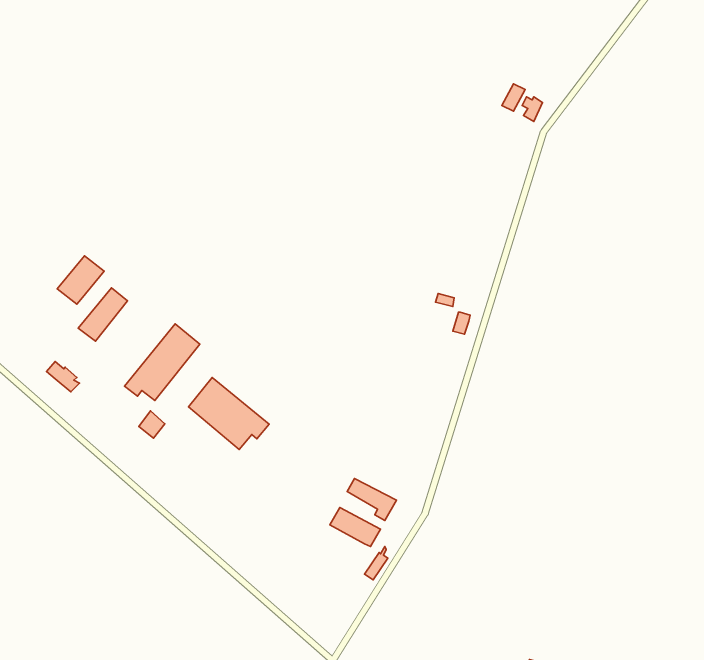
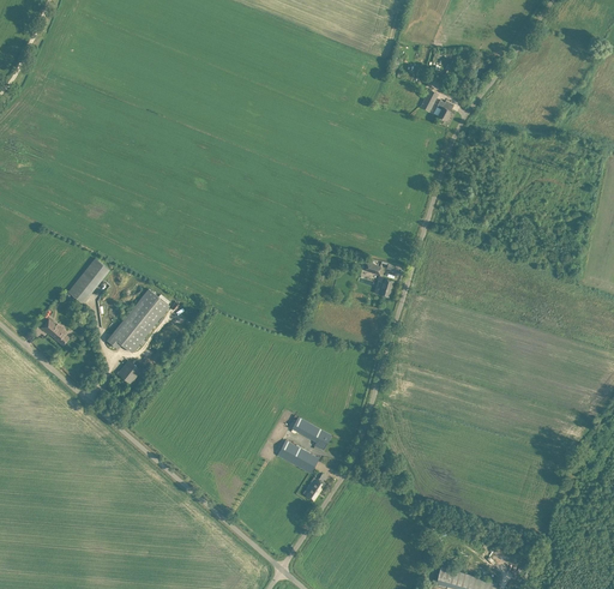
building: [57,256,104,304] -> none
building: [189,378,269,449] -> none

